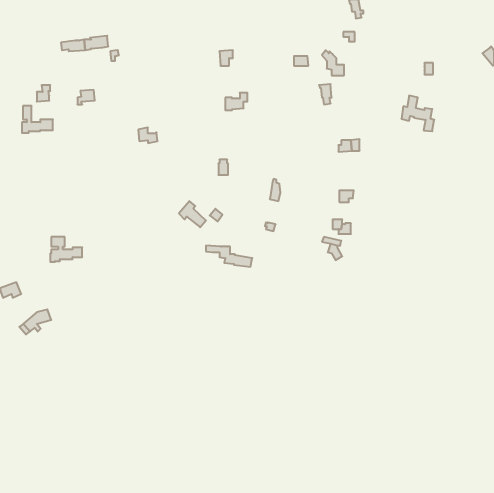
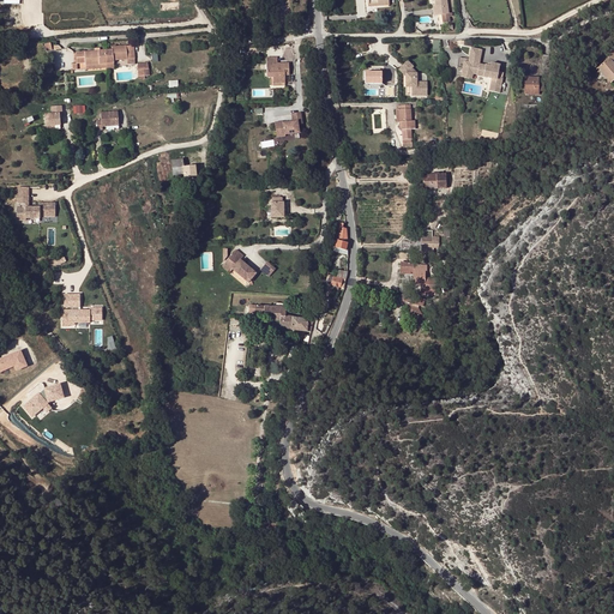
building: [401,96,434,131] -> [460,44,501,89]
building: [22,106,53,133] -> [17,186,55,219]

